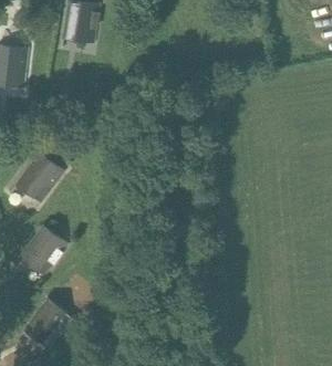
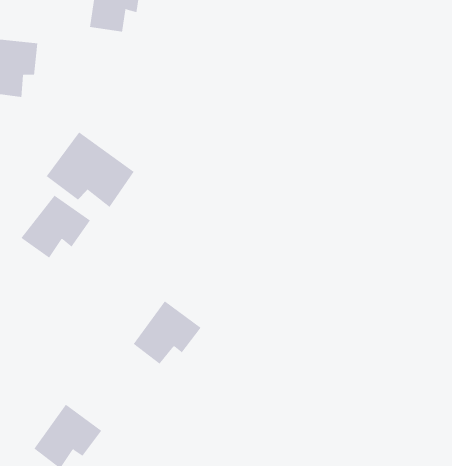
building: none -> [46,132,134,208]
building: [21,228,69,272] -> [133,301,201,364]

